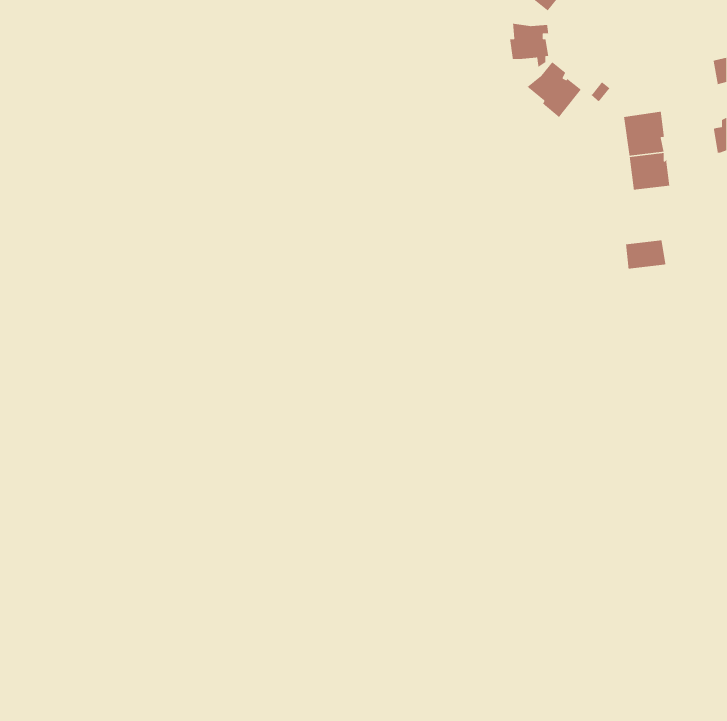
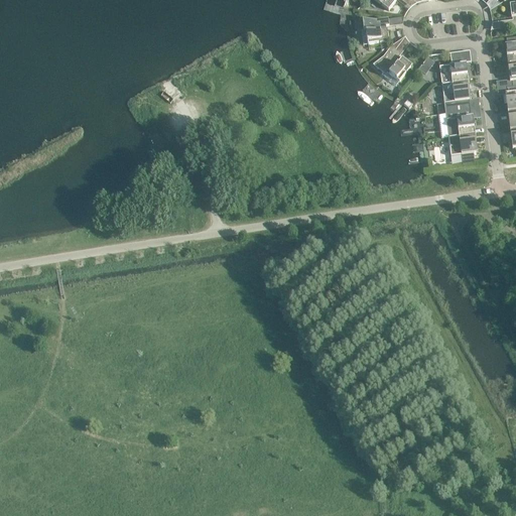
building: none -> [439,60,469,83]
building: [625,240,666,269] -> [448,132,478,153]

